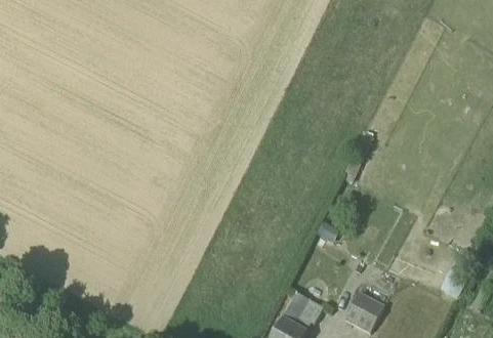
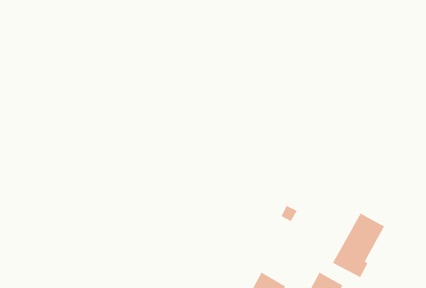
building: none -> [332,213,385,278]

